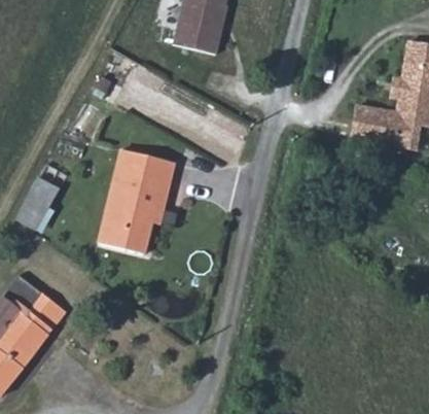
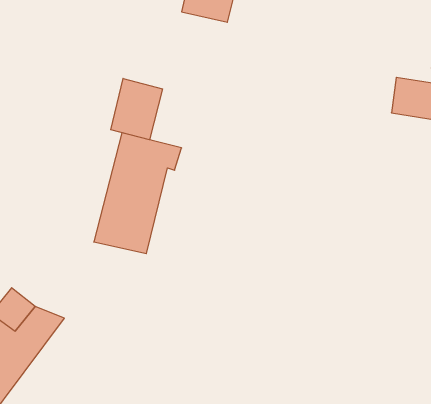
building: none -> [111,78,162,140]
building: [19,168,64,226] -> none

